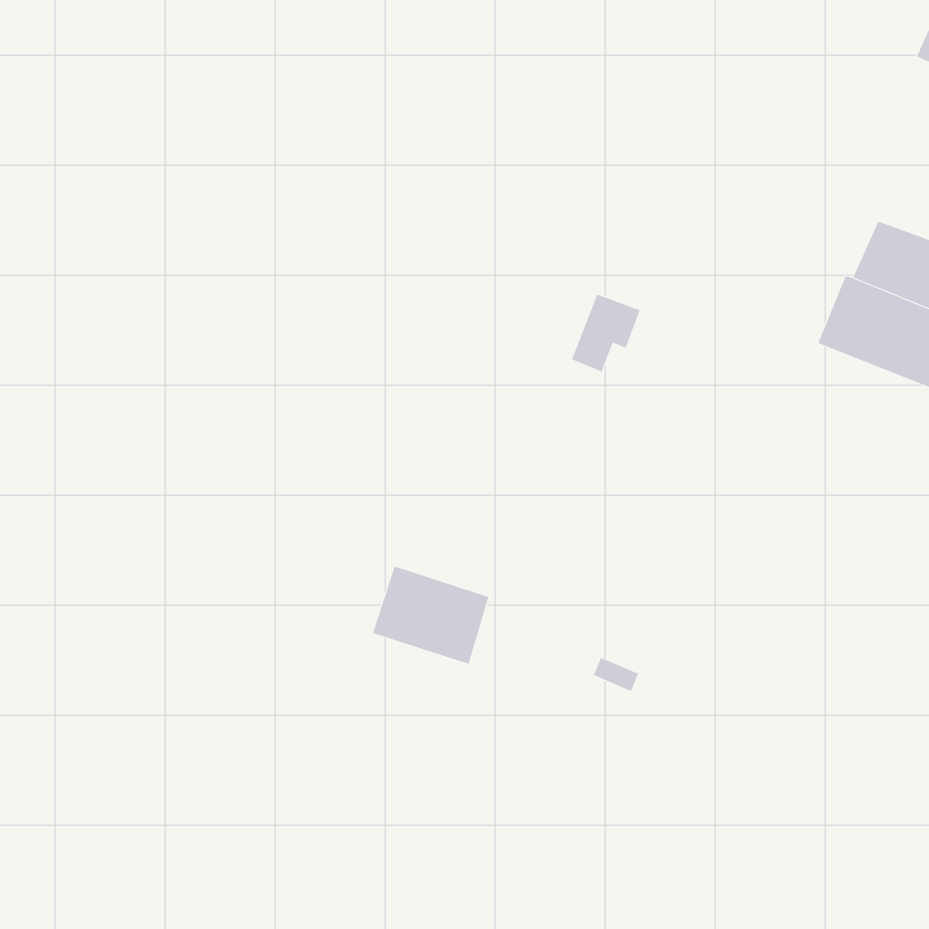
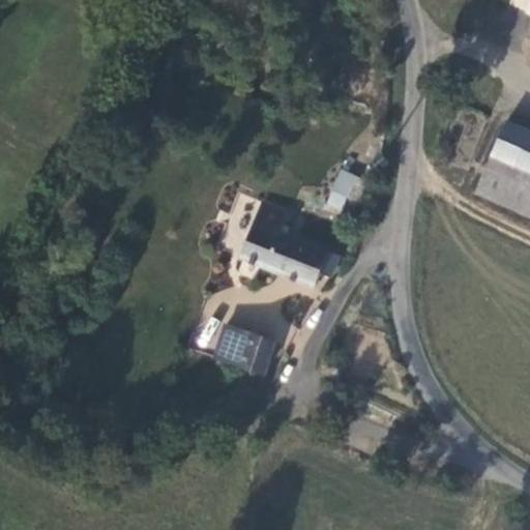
building: none -> [239,193,344,288]

